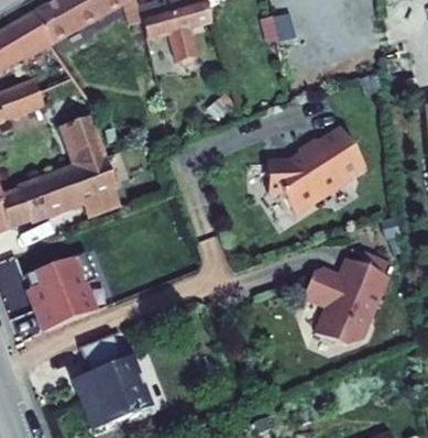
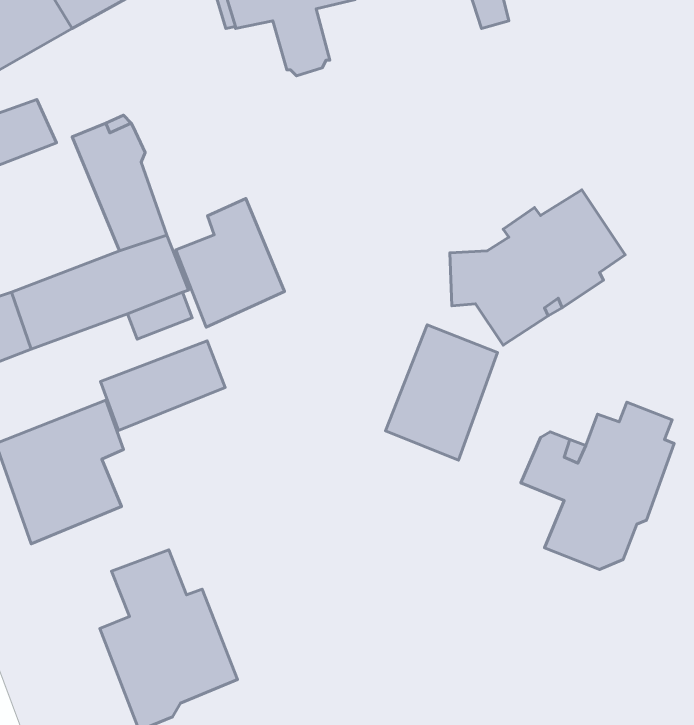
building: none -> [176,199,284,327]
building: none -> [385,325,497,460]
building: none -> [100,341,225,431]

